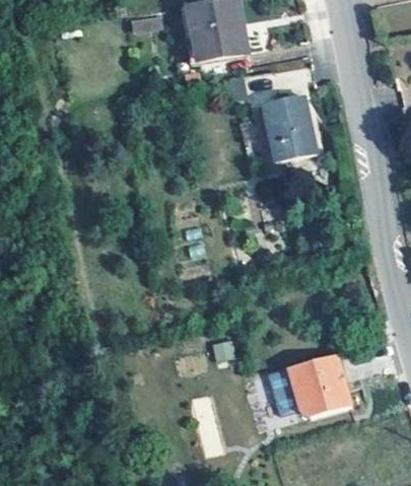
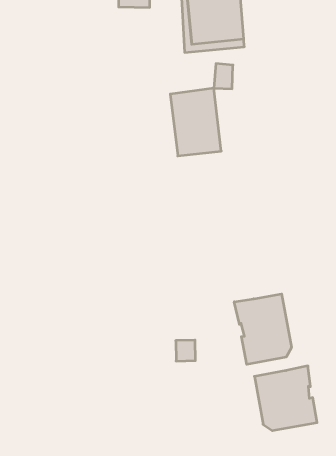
building: [265,92,318,159] -> [170,88,221,156]
building: none -> [234,294,291,364]

